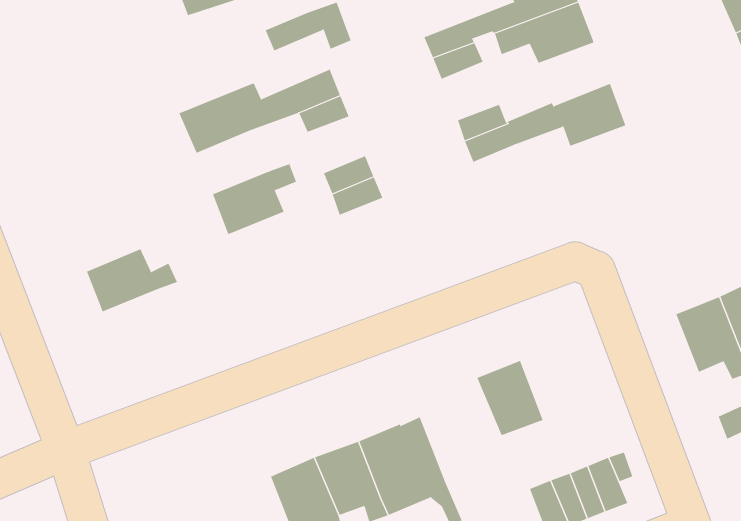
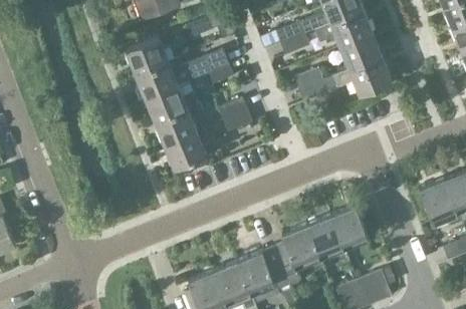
building: none -> [340,34,382,70]
building: none -> [127,37,178,74]
building: none -> [164,130,206,168]
building: [86,249,178,312] -> [146,84,198,120]
building: none -> [330,205,369,249]
building: none -> [273,225,319,285]

